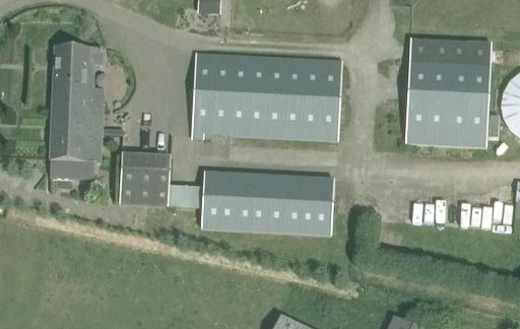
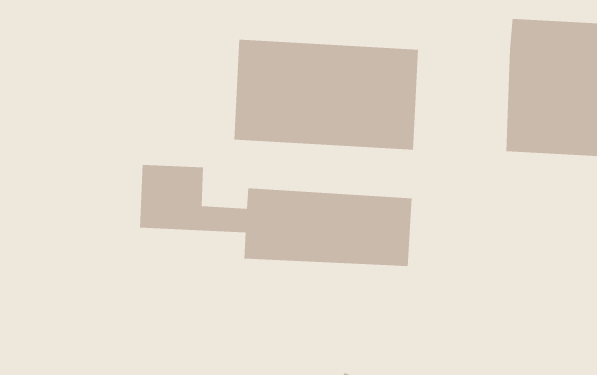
building: [49,46,104,178] -> none

